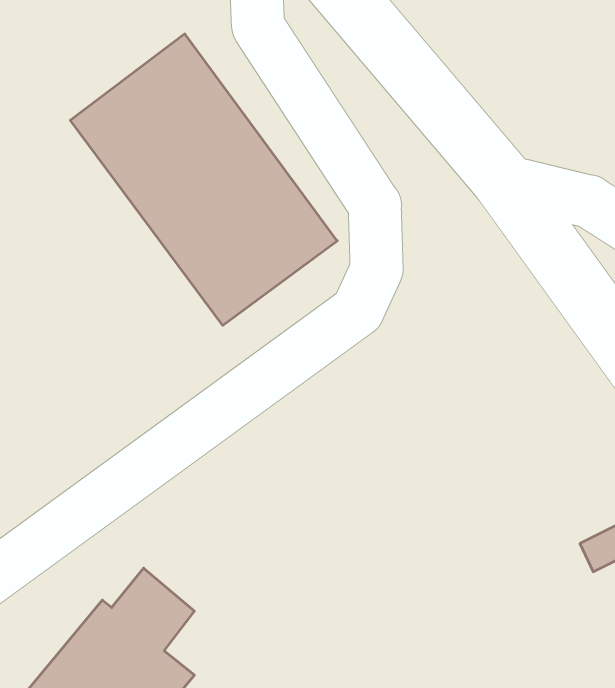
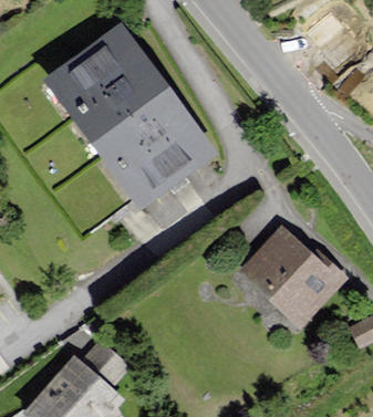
building: none -> [244,227,341,321]

